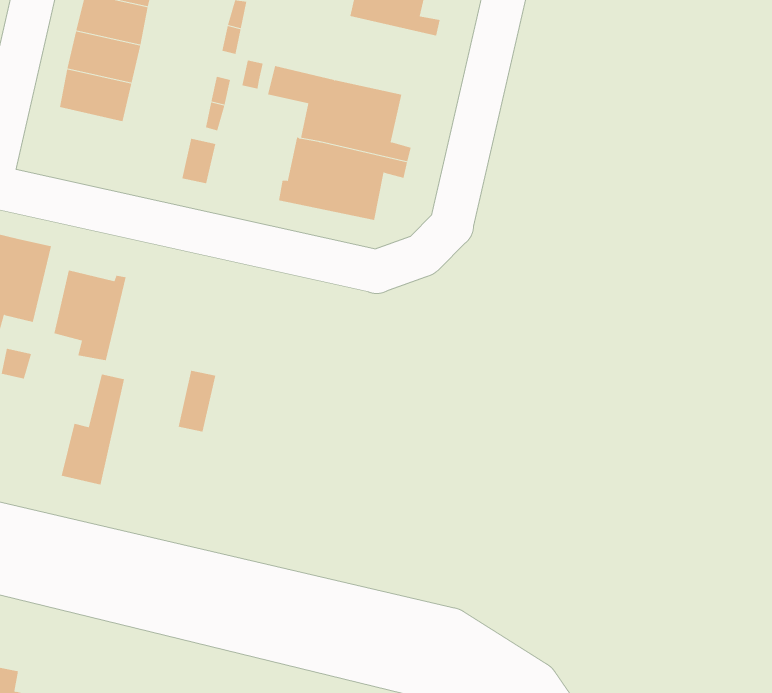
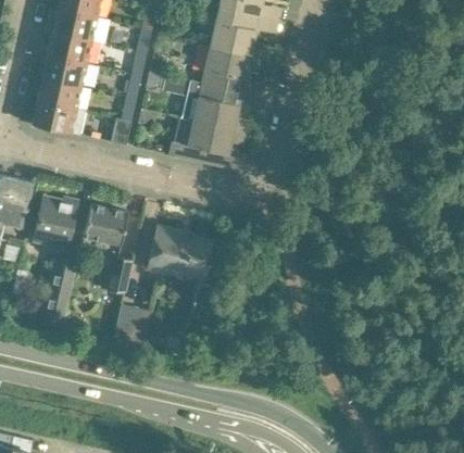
building: none -> [202,45,263,91]
building: none -> [33,99,85,134]
building: none -> [84,203,129,244]
building: none -> [148,225,212,277]
building: none -> [114,303,151,344]

